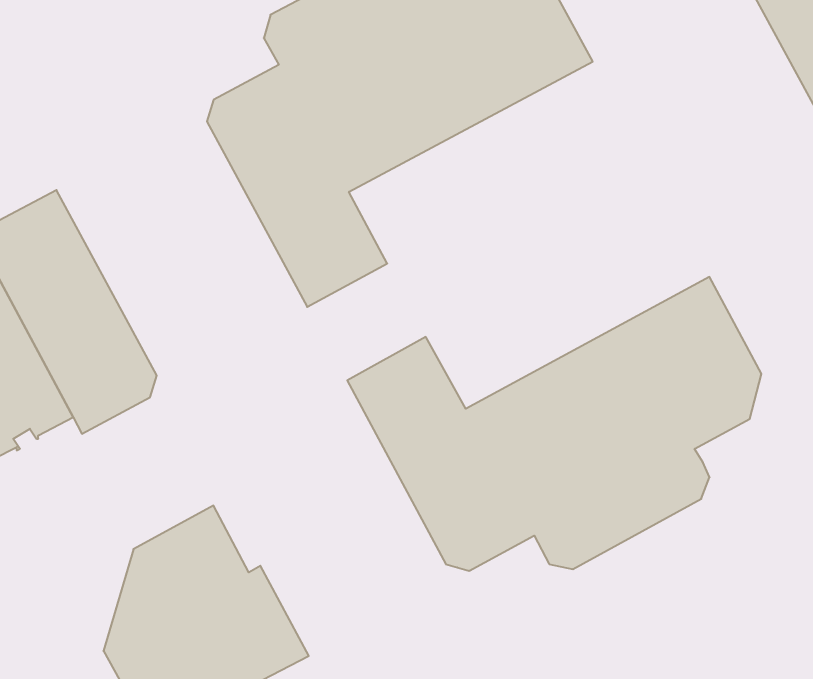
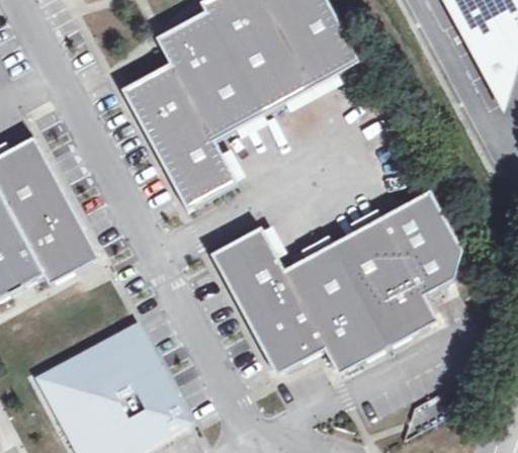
building: none -> [41,355,81,417]

